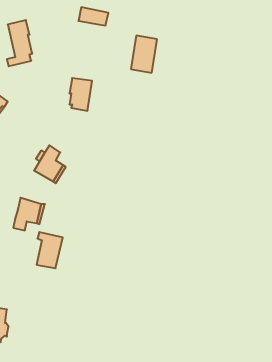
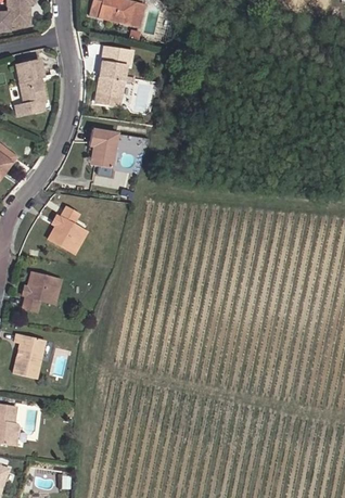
building: [131,36,157,73] -> [94,60,126,104]
building: [37,232,63,268] -> [12,333,43,376]

